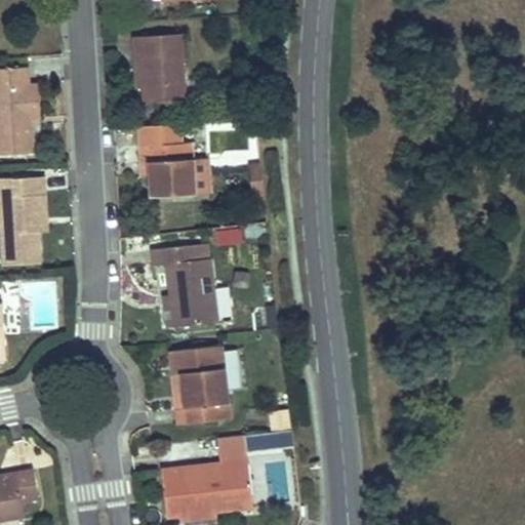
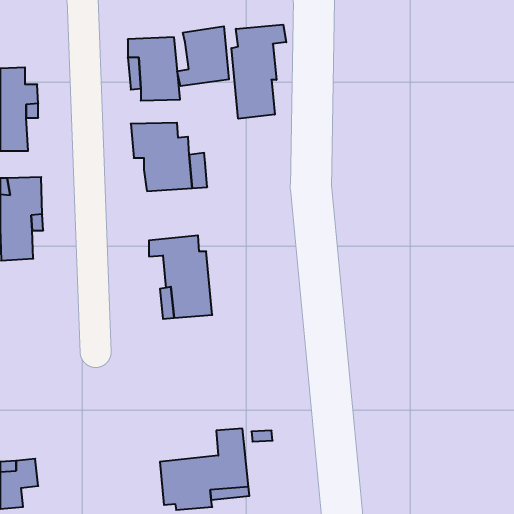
building: none -> [231,25,286,119]
building: none -> [177,26,229,86]
building: [172,345,230,427] -> none

